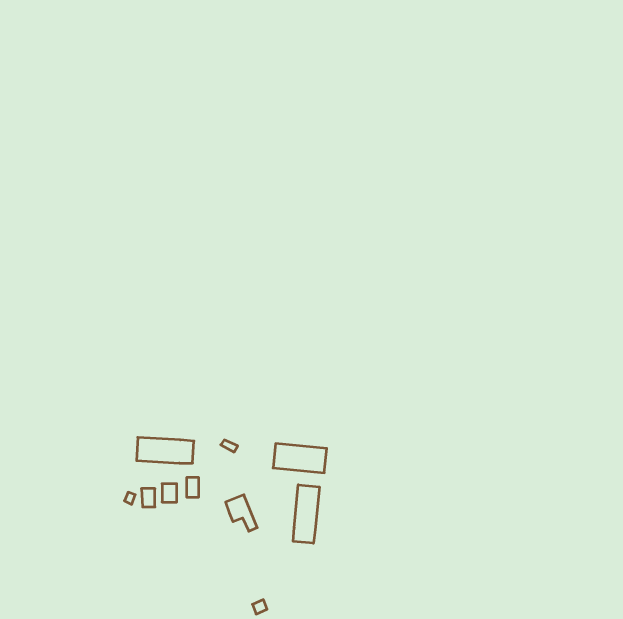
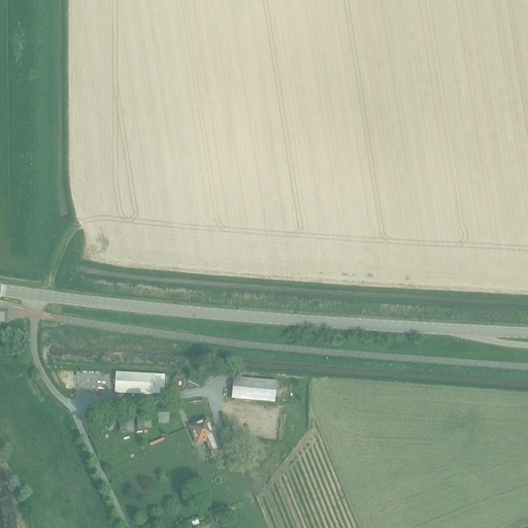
building: [293,485,319,543] -> none

